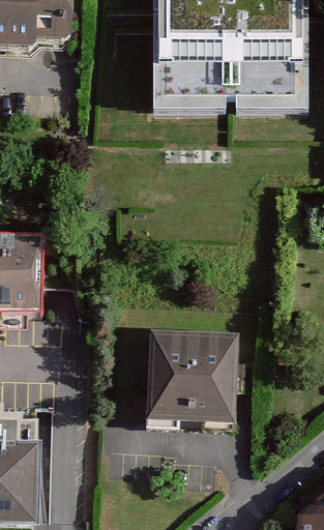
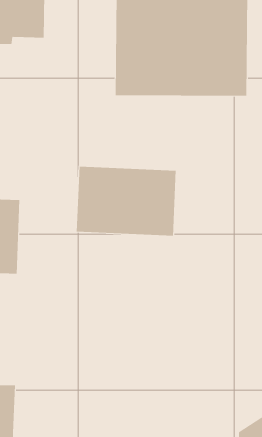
building: none -> [76,166,176,236]
building: [148,329,247,430] -> none

